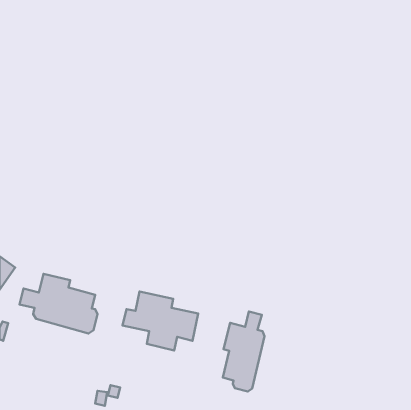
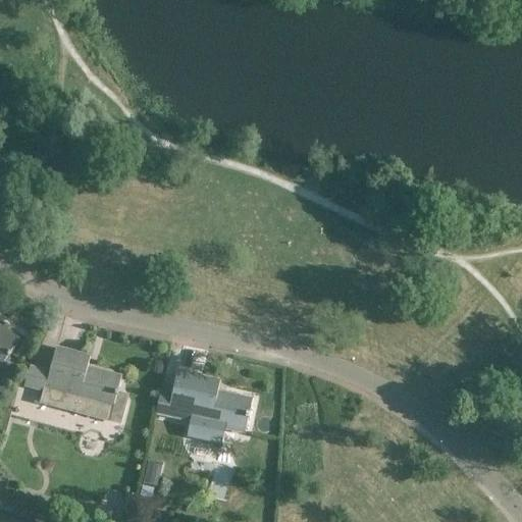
building: [223,311,264,392] -> none

